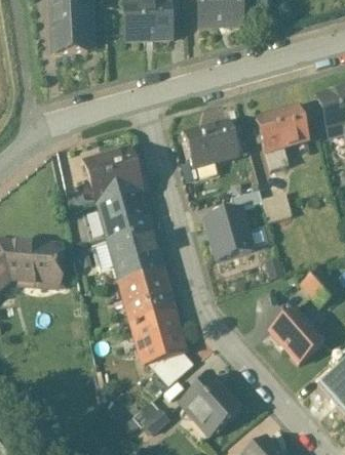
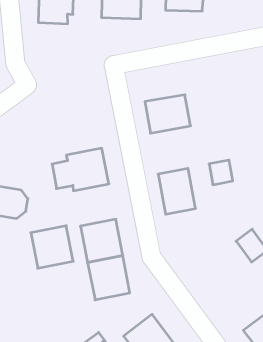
building: [256,105,308,169] -> none
building: [85,147,141,200] -> none
building: [110,229,161,280] -> [31,226,73,268]
building: [269,307,324,363] -> none
building: [148,351,193,384] -> none

